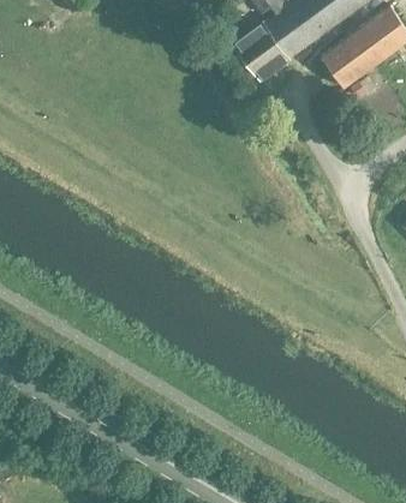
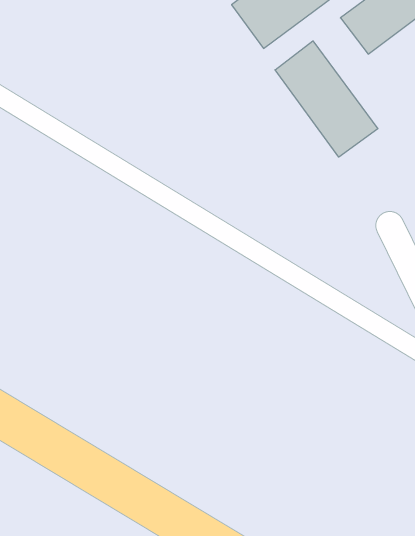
building: none -> [275,41,378,157]

